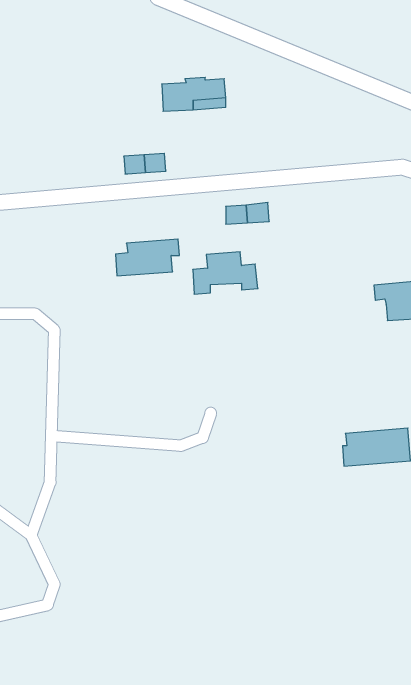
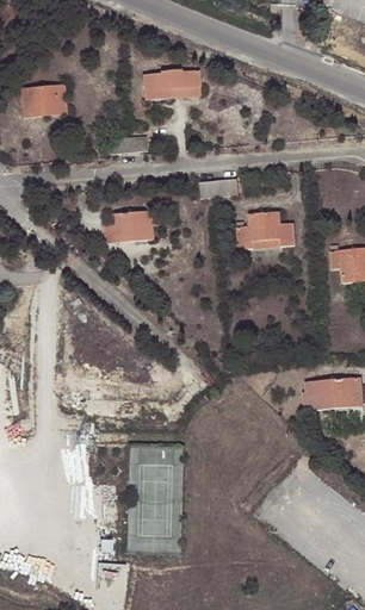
building: none -> [21,86,67,118]
building: [193,252,258,294] -> [237,212,295,249]

